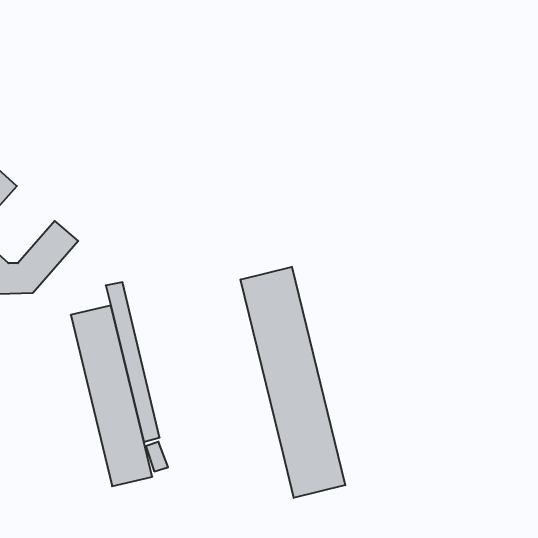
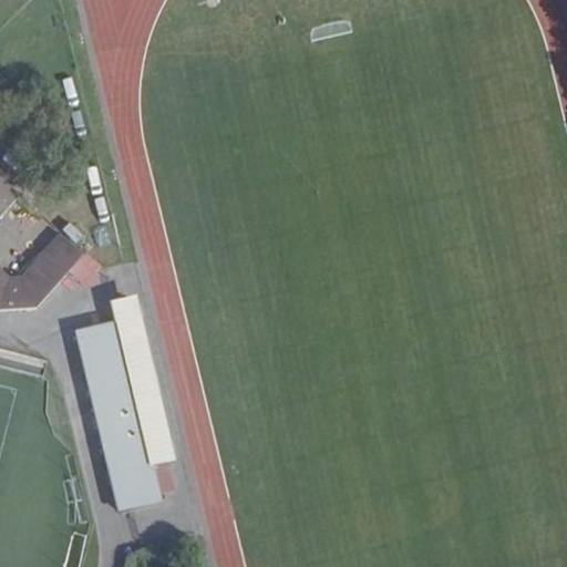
building: [241,267,345,498] -> none

